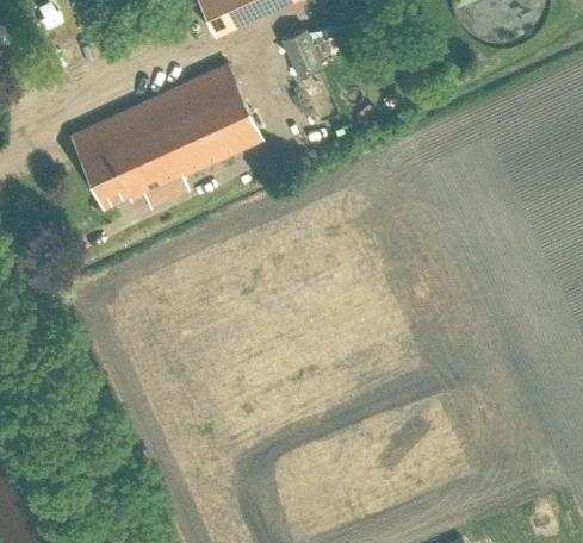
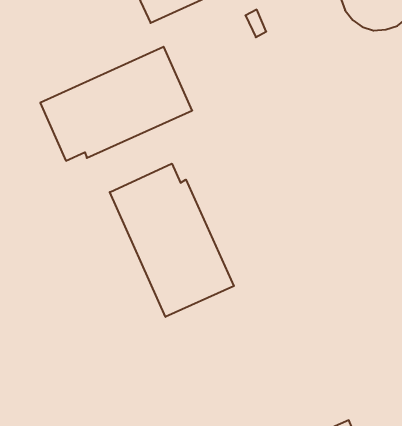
building: [281,30,322,77] -> none
building: none -> [110,164,234,317]

